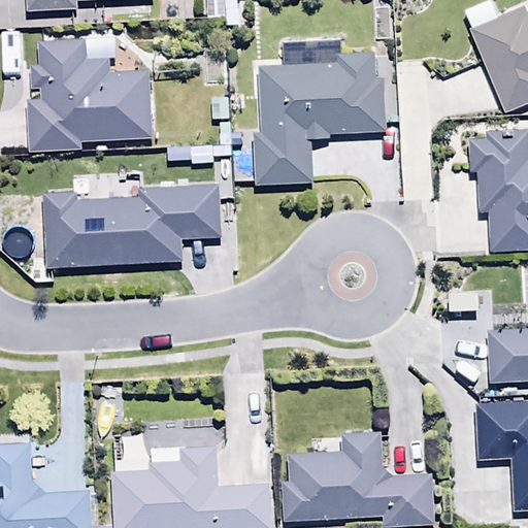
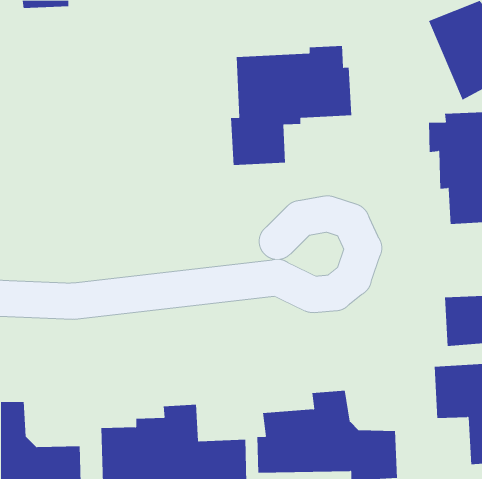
building: [29,38,155,151] -> none
building: [42,186,222,268] -> none

